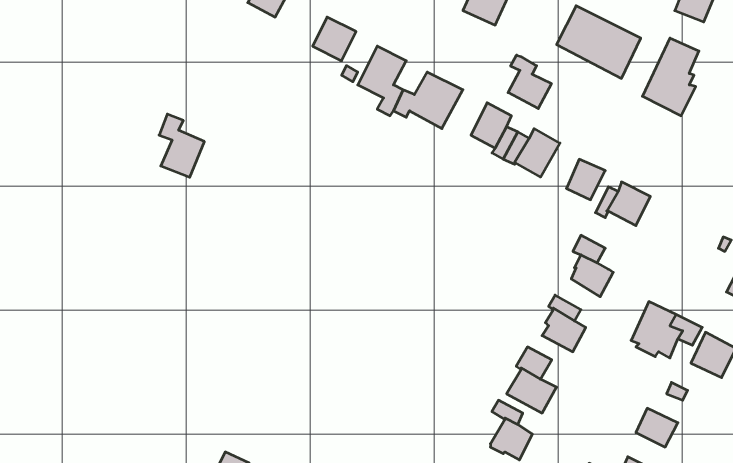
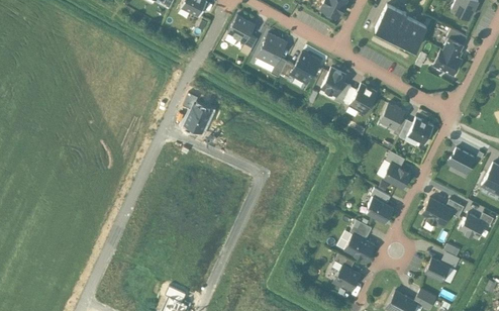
building: [508,55,551,109] -> none
building: [159,114,204,177] -> [185,91,213,130]
building: none -> [448,149,476,175]

